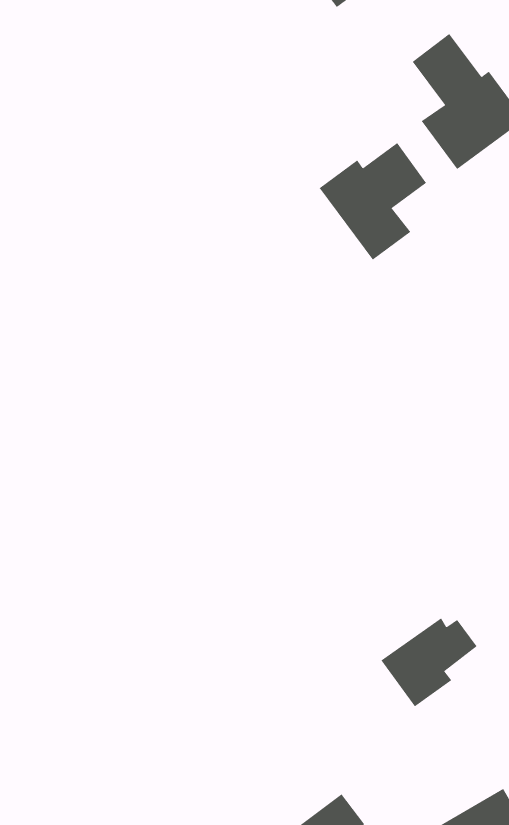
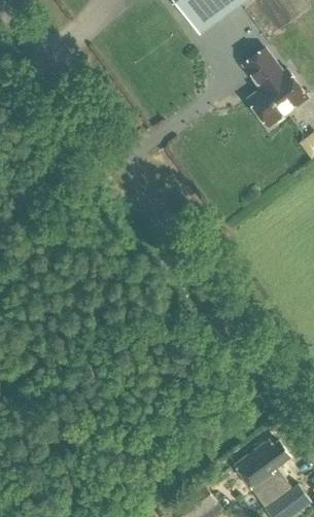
building: [319,142,427,261] -> none
building: [380,617,477,707] -> [234,439,289,490]

